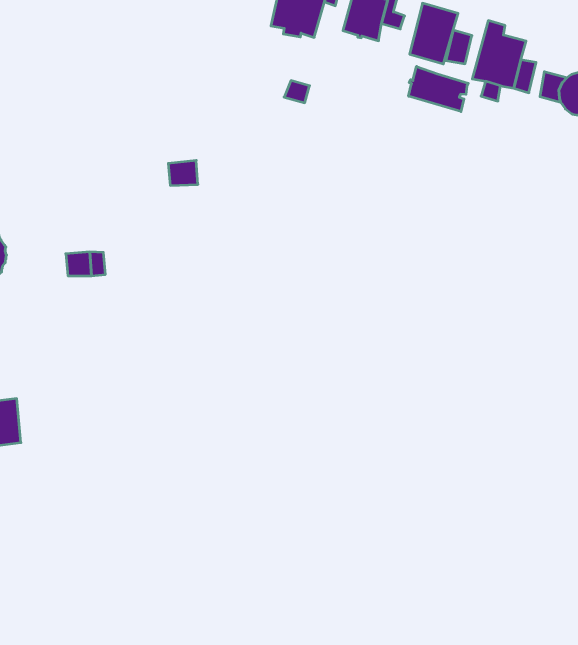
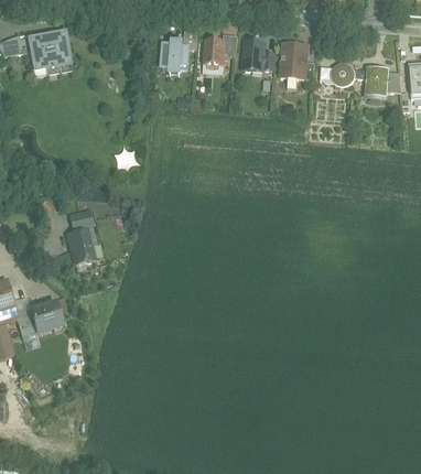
building: [409,66,468,112] -> none
building: none -> [66,228,94,261]

